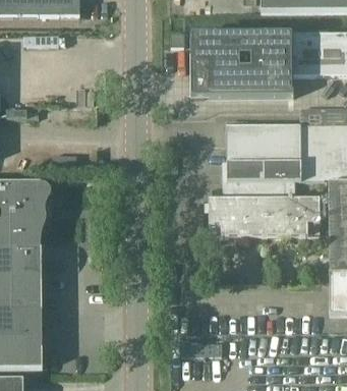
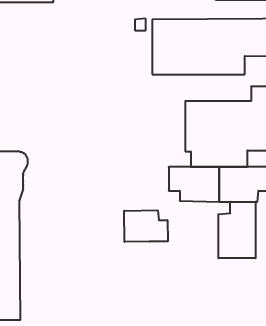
building: none -> [218,202,256,258]
building: none -> [124,210,168,242]

